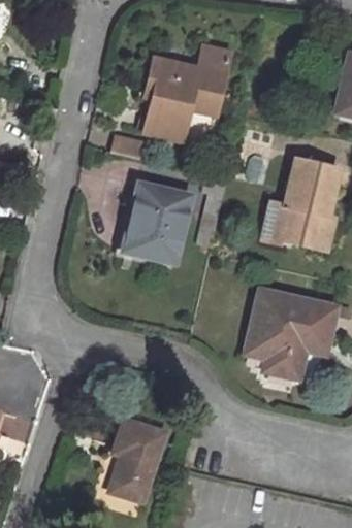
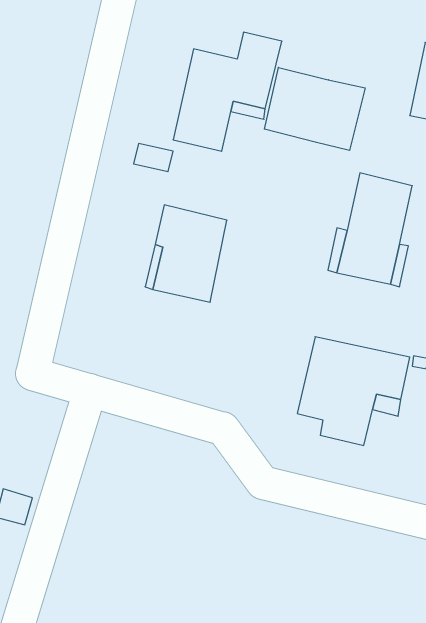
building: none -> [264,67,365,150]
building: [108,419,164,500] -> none

